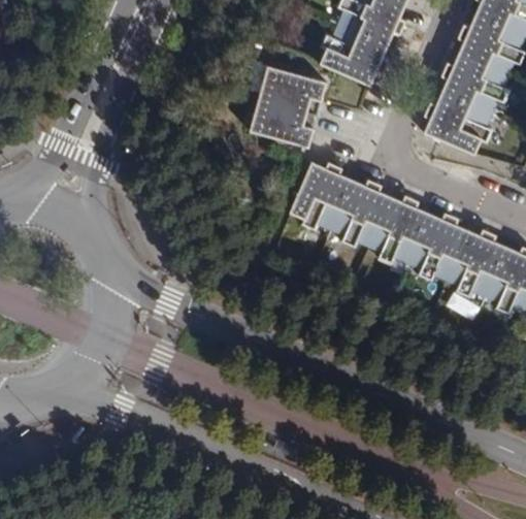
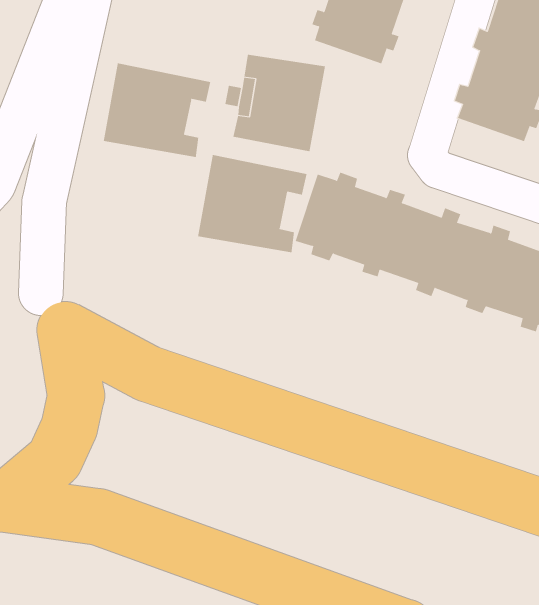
building: none -> [103,63,211,158]
building: none -> [198,154,307,253]

